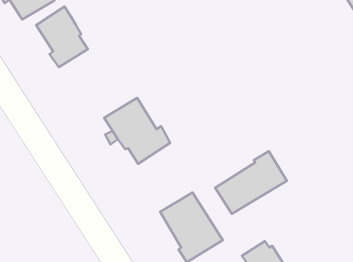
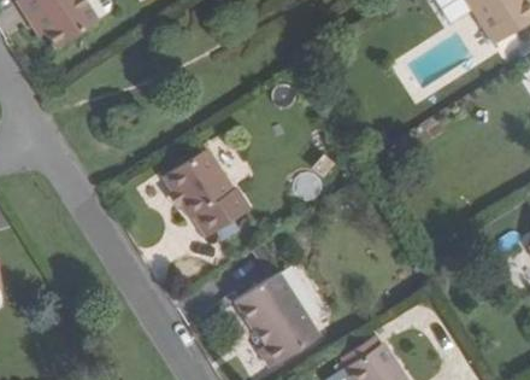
building: [36,6,88,67] -> none
building: [215,151,287,214] -> none

